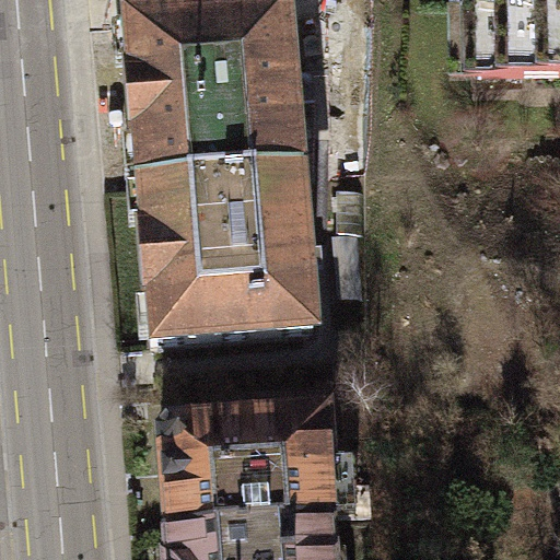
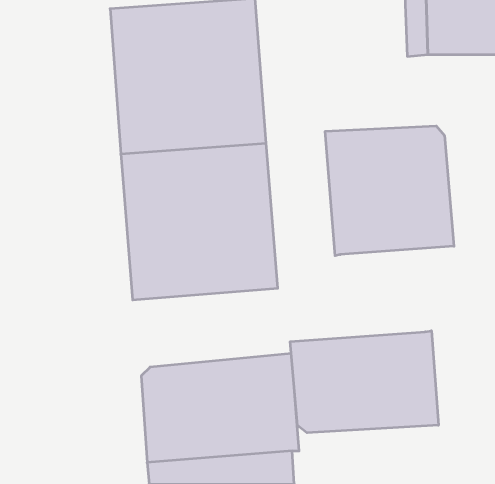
building: none -> [325,126,454,256]
building: none -> [290,331,438,433]

